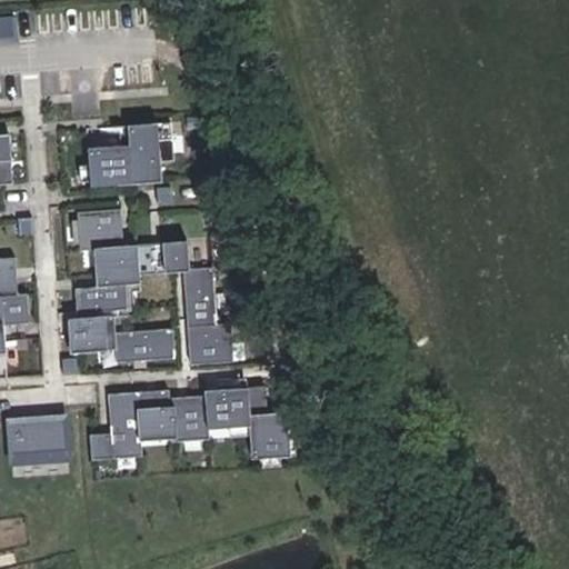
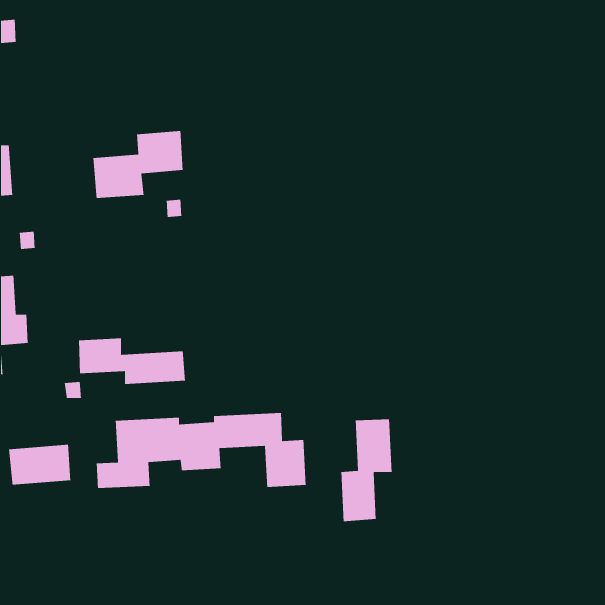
building: [74,209,231,365] -> none
building: none -> [340,418,393,522]

